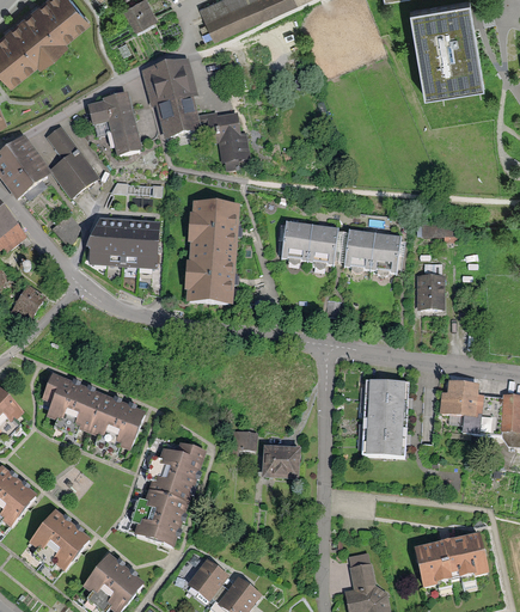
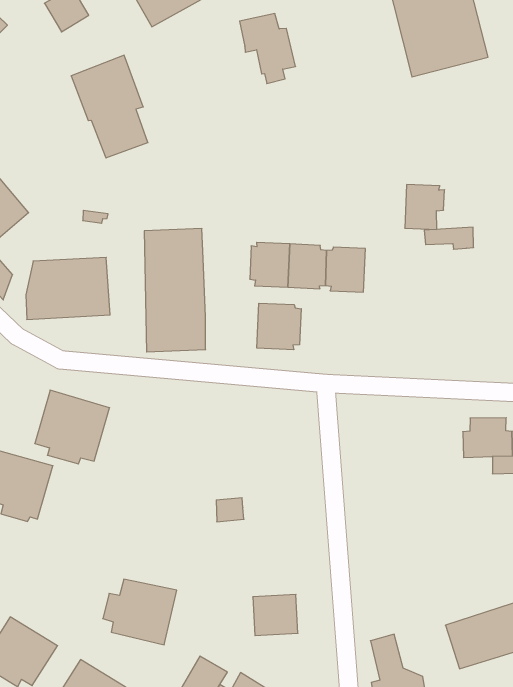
building: [87,91,141,155] -> none
building: [208,111,251,169] -> [240,14,296,84]
building: [368,233,404,273] -> [405,185,445,229]
building: none -> [257,303,301,350]
building: [421,275,448,310] -> none
building: [361,380,409,459] -> none
building: [81,390,146,453] -> [35,390,110,464]
building: [146,443,207,502] -> none
building: [261,446,298,479] -> [253,594,298,636]

